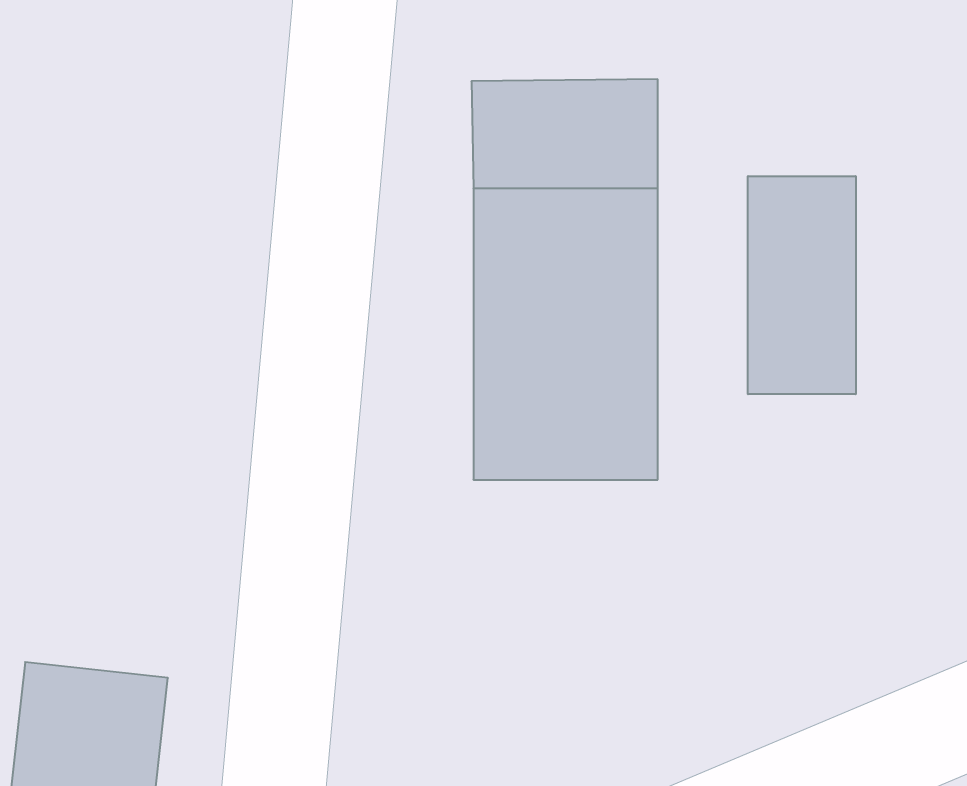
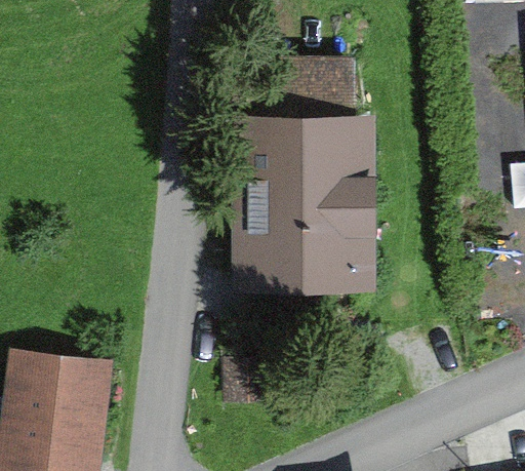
building: [748,176,856,394] -> none

